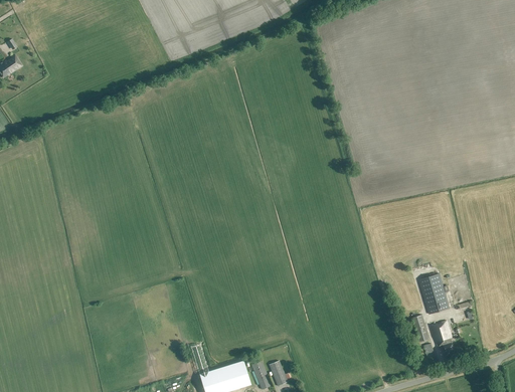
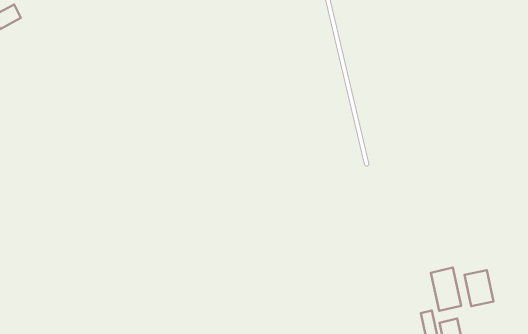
building: none -> [464,270,494,306]

